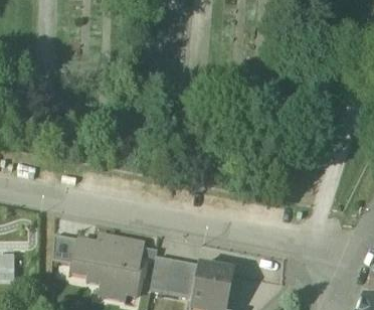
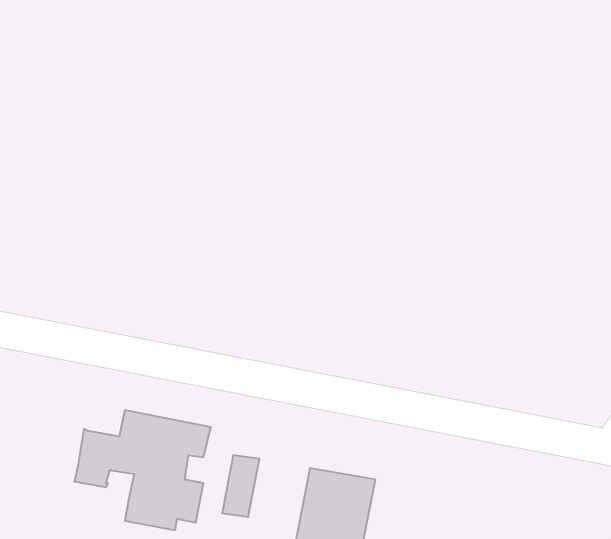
building: [54,232,81,262] -> none
building: [167,259,200,295] -> none

